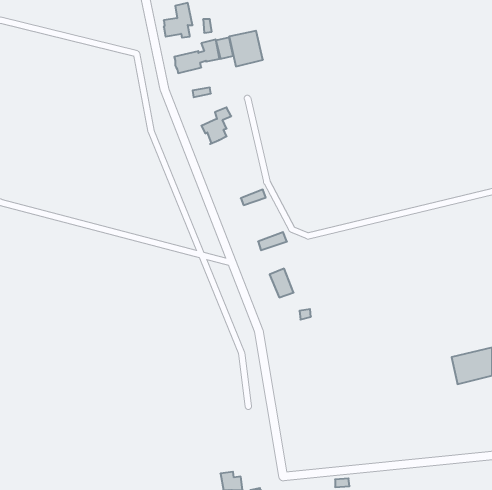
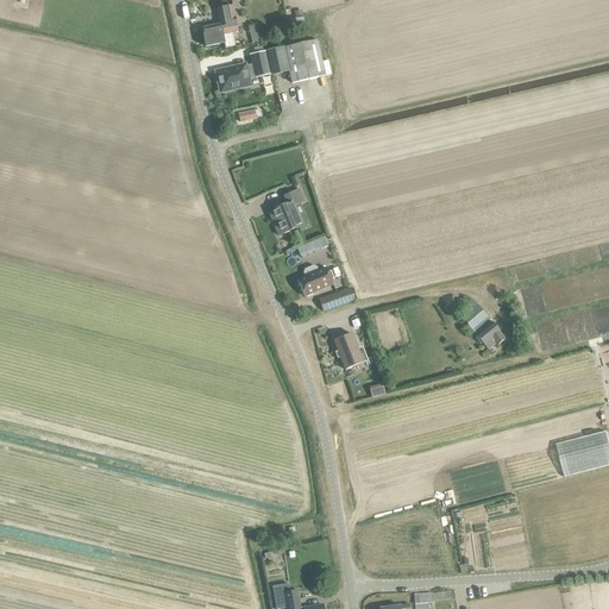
building: [201,107,231,144] -> [268,188,304,233]
building: none -> [297,264,333,295]
building: none -> [463,304,504,349]

